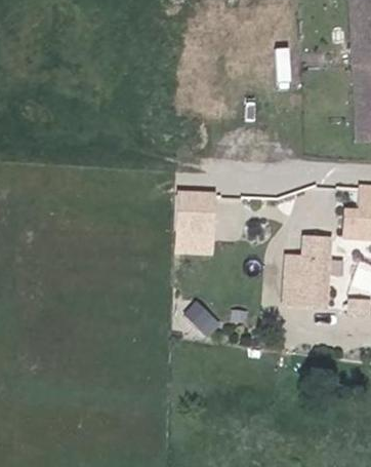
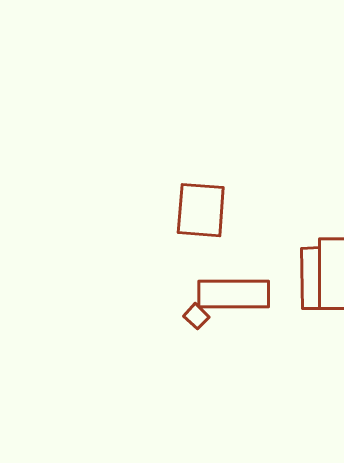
building: none -> [199,281,268,307]

